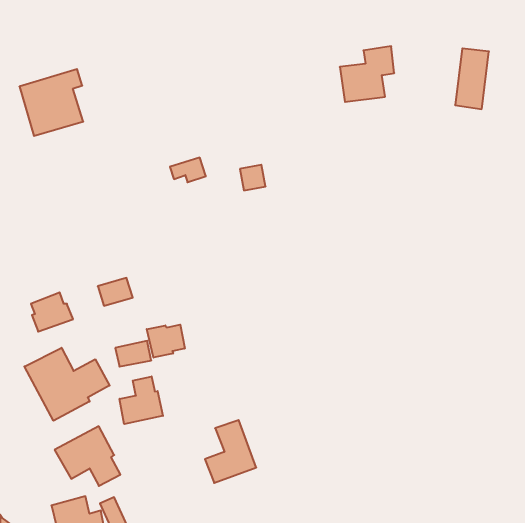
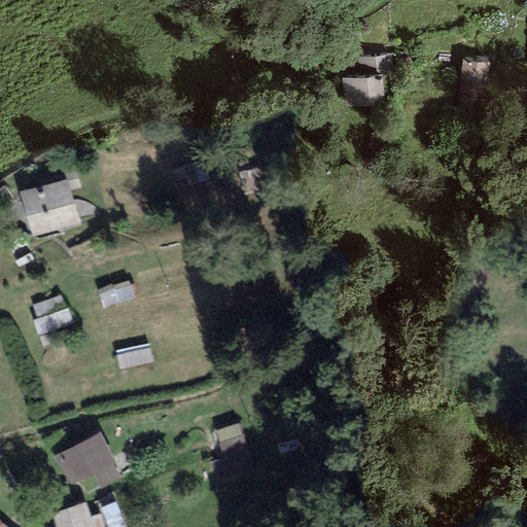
building: [19,69,83,136] -> [19,171,82,238]
building: [147,325,185,358] -> none
building: [24,348,110,421] -> none
building: [120,376,163,424] -> none

